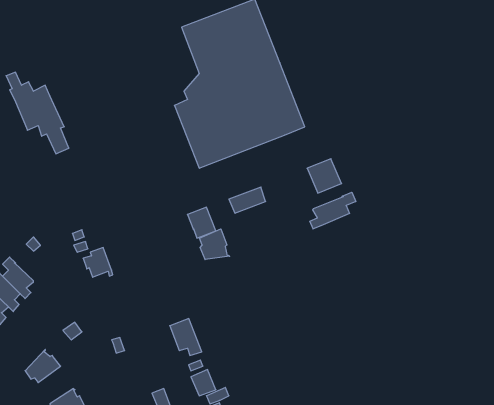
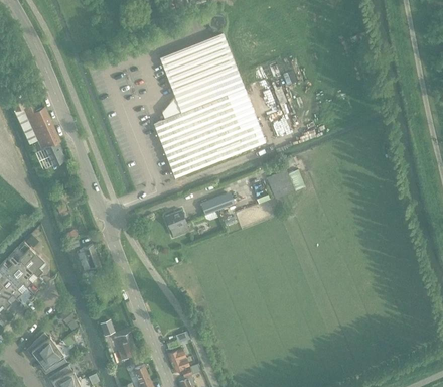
building: [310,192,356,229] -> none
building: [199,229,230,260] -> none
building: none -> [17,243,44,278]
building: [170,319,202,355] -> [113,333,140,364]
building: none -> [37,346,65,374]

